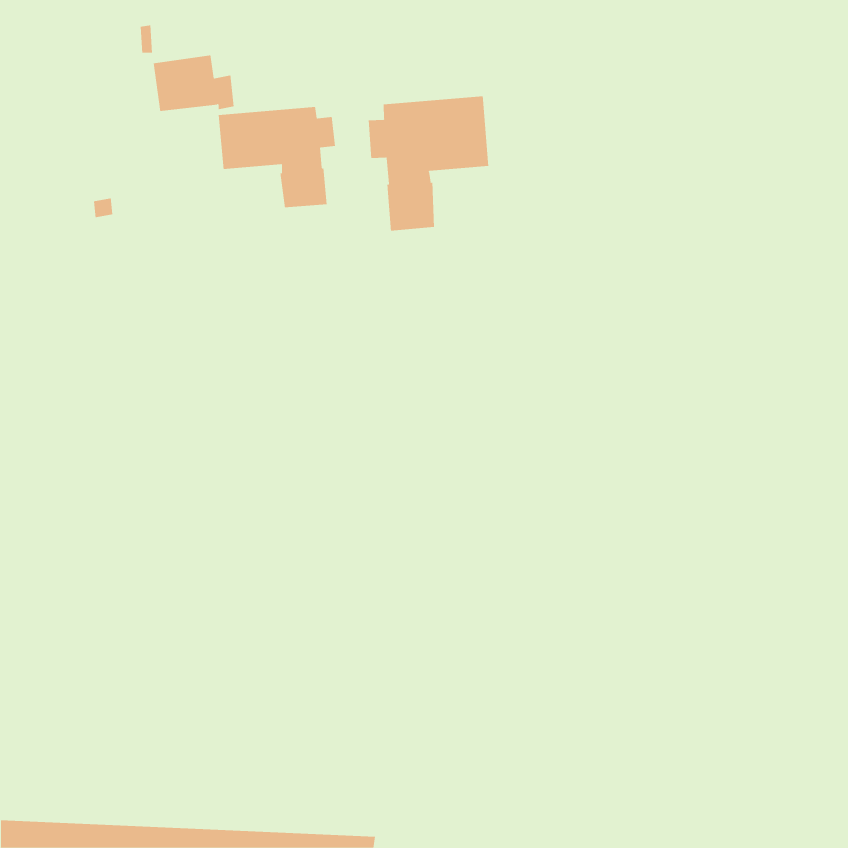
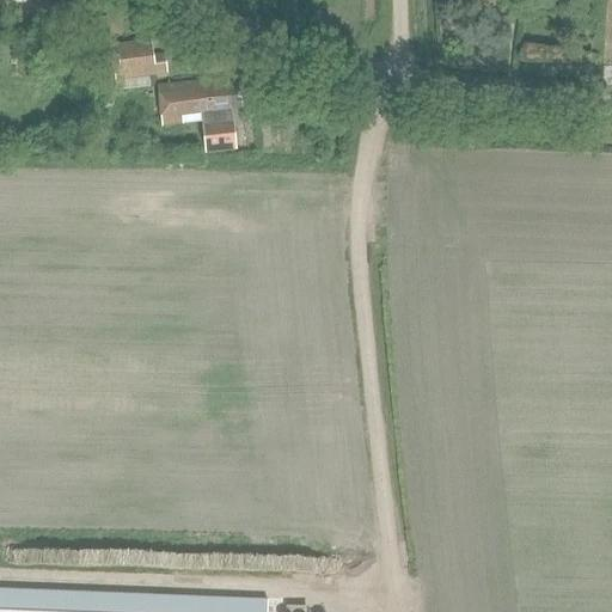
building: [368,95,489,232] -> none

